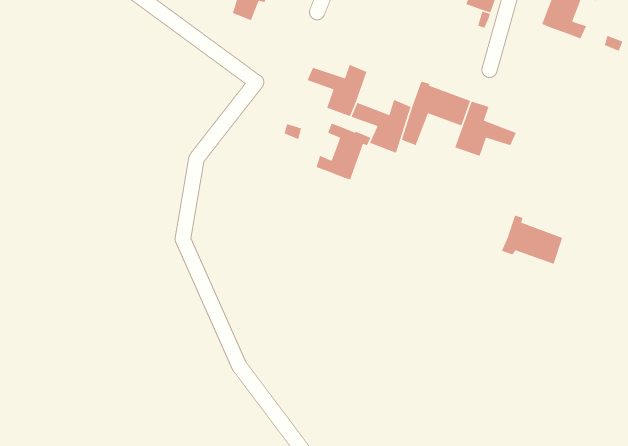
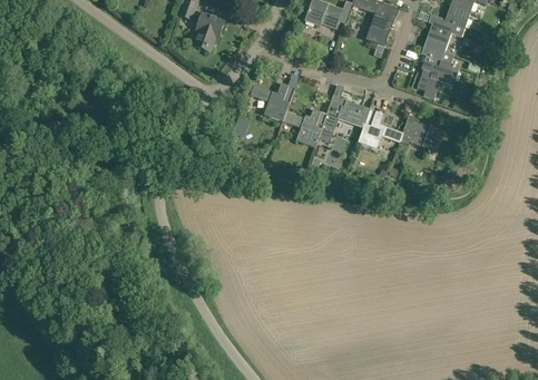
building: none -> [417,55,460,99]
building: [316,122,372,180] -> none
building: [501,215,563,265] -> [399,115,444,152]

